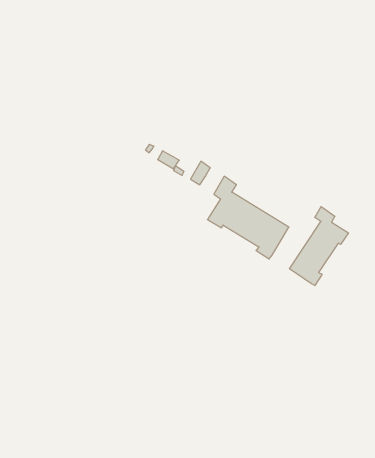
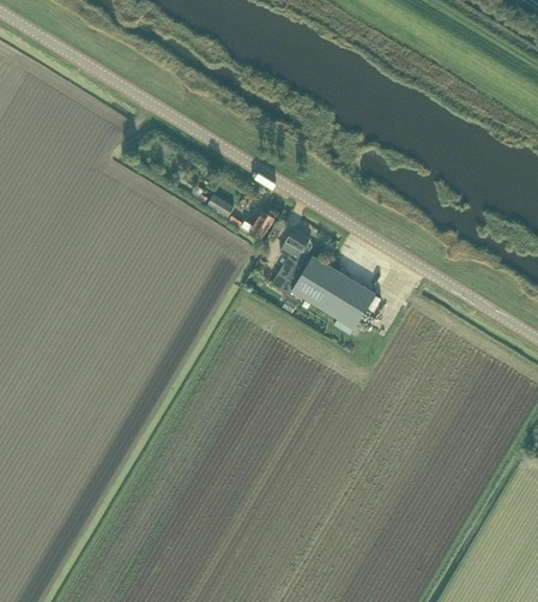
building: [289,207,348,286] -> none

